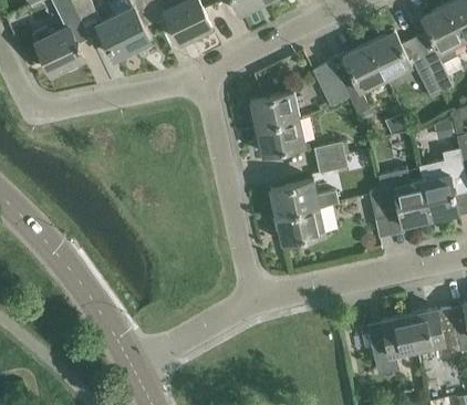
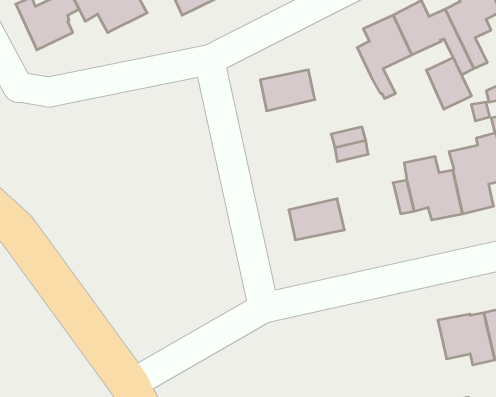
building: [312,61,349,106] -> none
building: none -> [426,58,471,109]
building: [256,118,305,155] -> none
building: [270,180,338,217] -> none
building: [369,315,416,373] -> none

